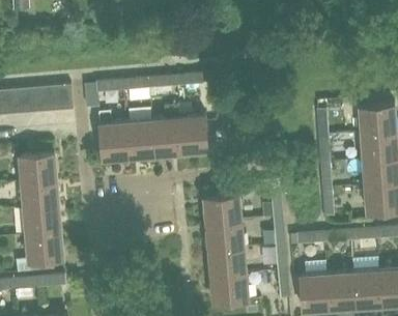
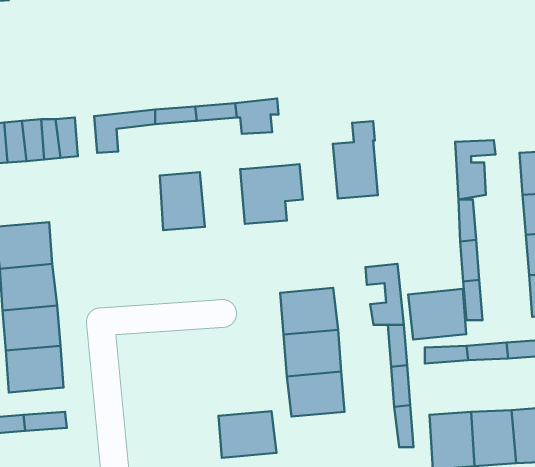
building: [151,107,180,156] -> [333,121,378,198]
building: [97,113,127,161] -> none
building: none -> [408,289,466,340]
building: [210,276,248,306] -> [219,411,276,458]

